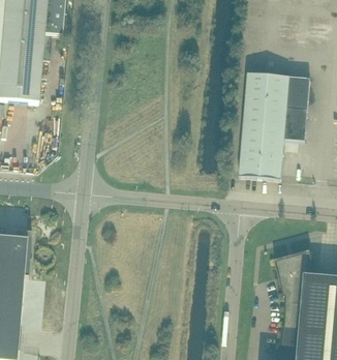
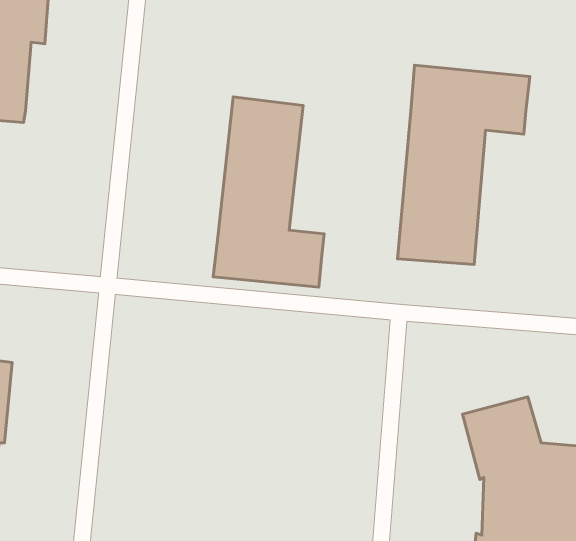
building: none -> [213,97,324,287]

